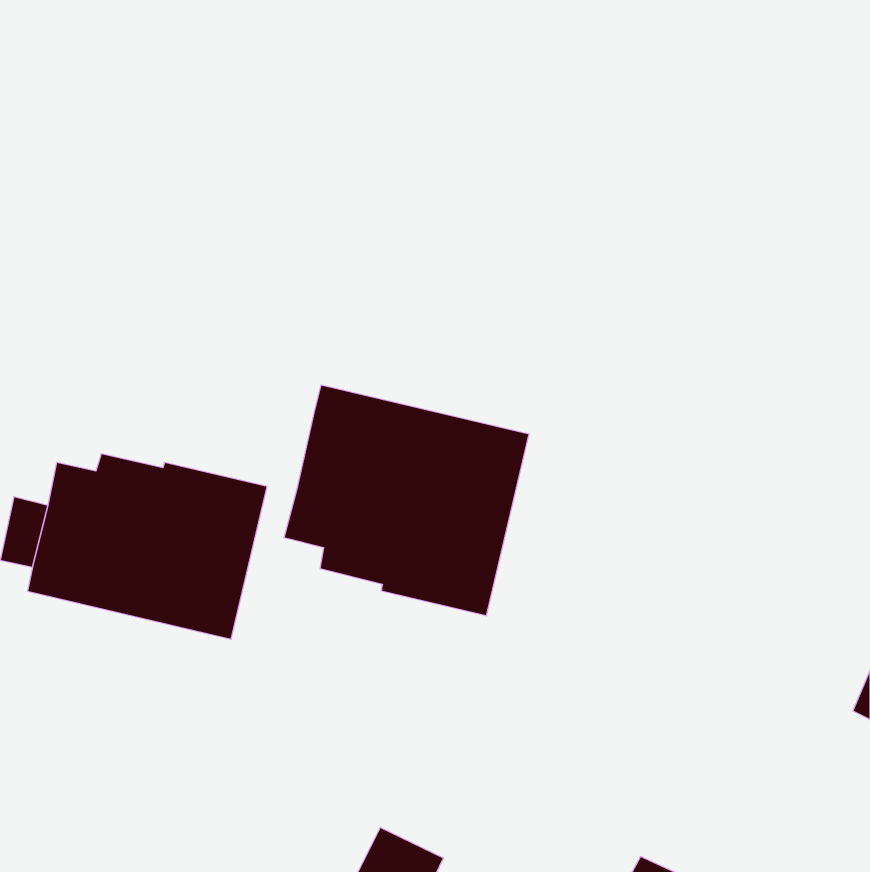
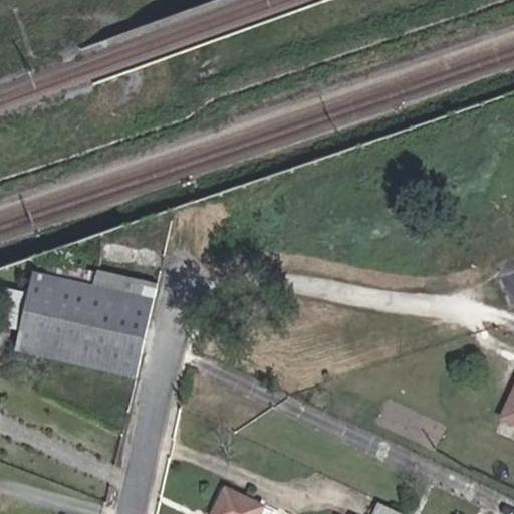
building: [284,385,529,616] -> none

